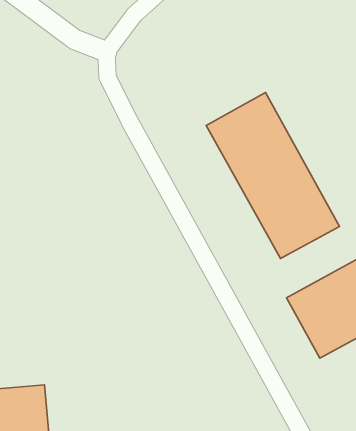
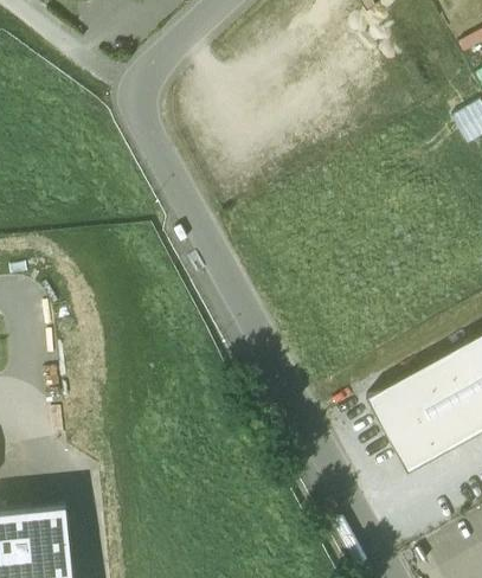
building: [206,92,339,259] -> none

